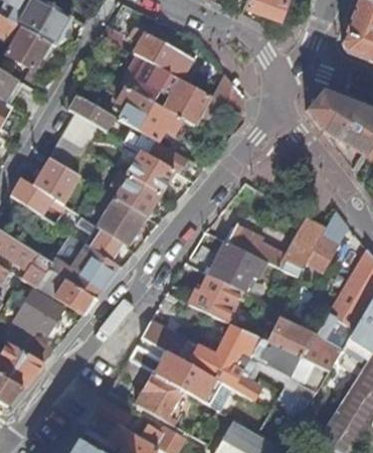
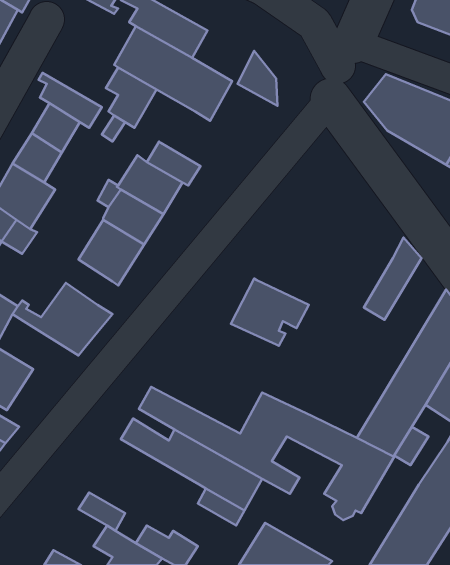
building: [139,102,183,141] -> none
building: [69,210,123,260] -> none
building: [228,215,328,276] -> none
building: [54,272,98,314] -> none
building: [189,274,242,321] -> none
building: [268,319,320,357] -> none
building: [121,358,186,419] -> none

